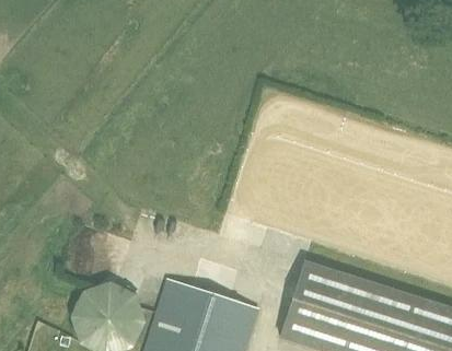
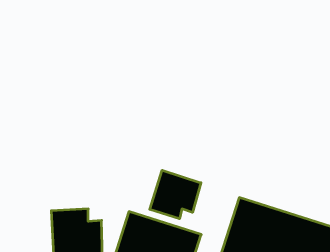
building: none -> [150,170,201,219]

